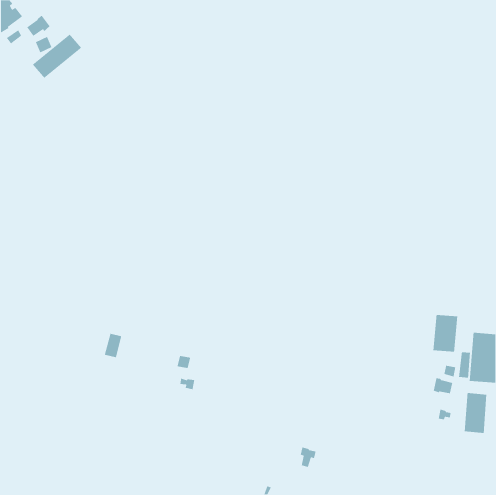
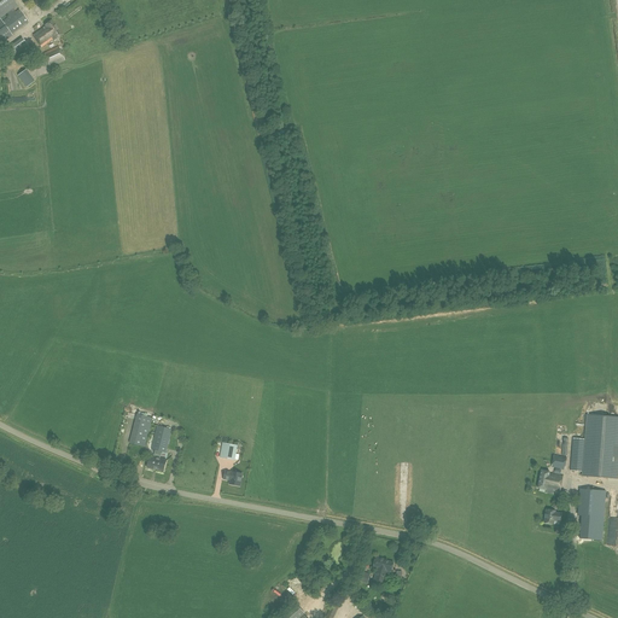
building: [32,33,82,79] -> none
building: [433,314,458,352] -> none
building: none -> [147,425,173,470]

